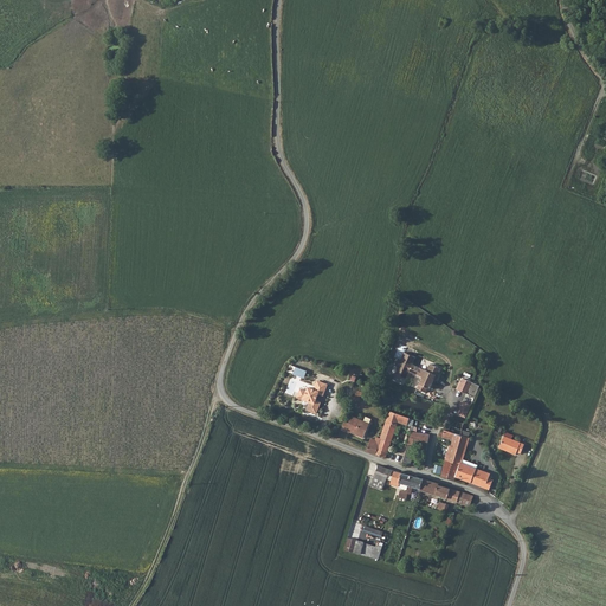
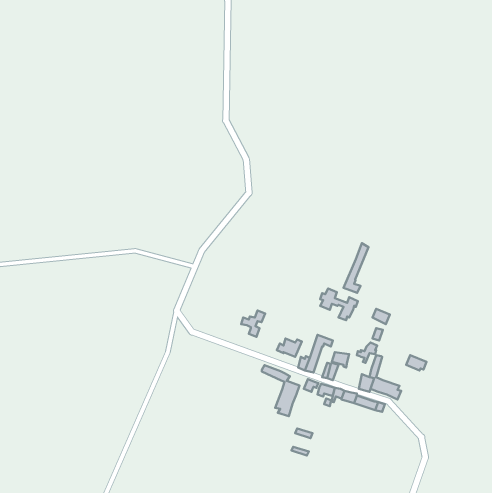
building: none -> [344,243,369,293]
building: none -> [262,365,300,416]

